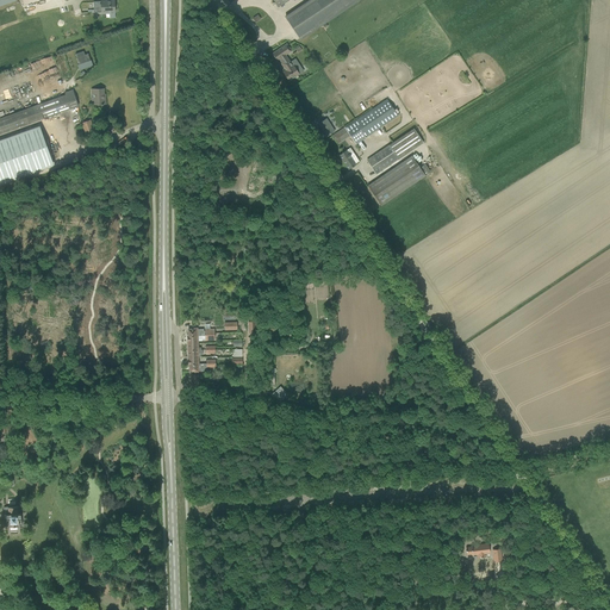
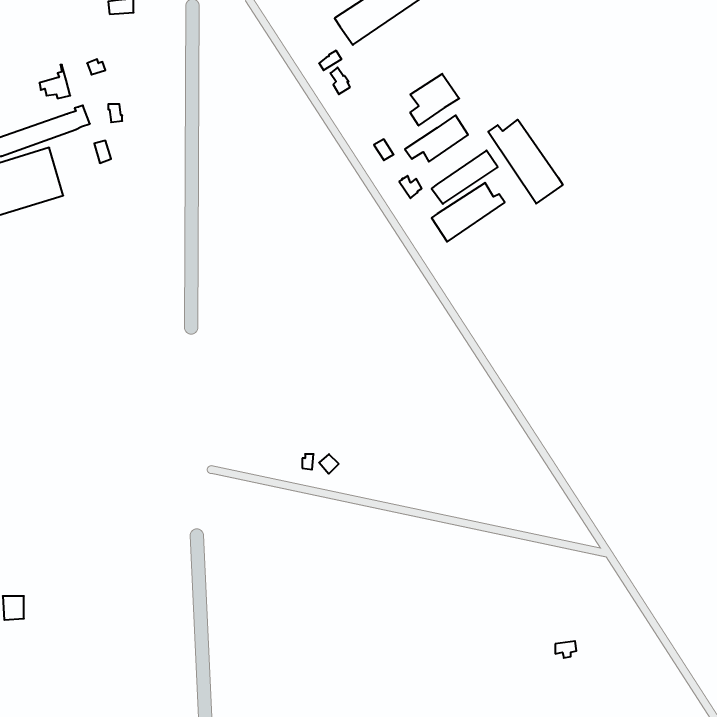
building: none -> [410,74,459,126]
building: none -> [488,120,563,204]

